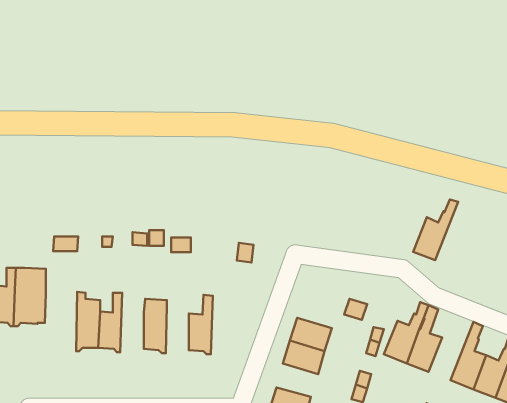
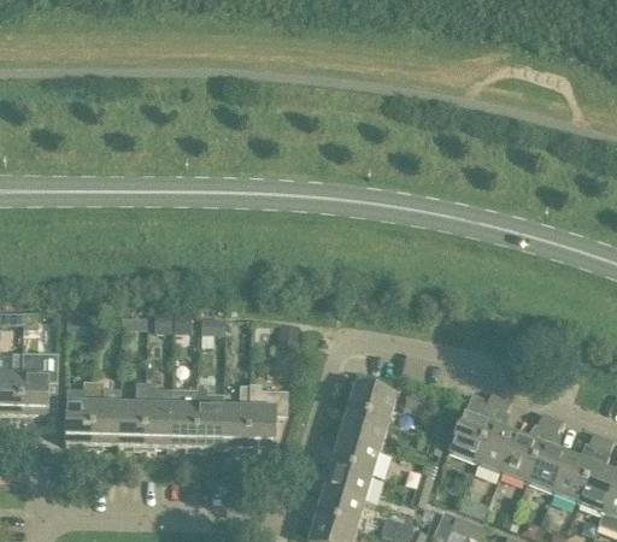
building: [413,200,458,260] -> [499,412,551,482]
building: none -> [64,379,93,448]
building: none -> [142,381,171,449]
building: none -> [195,383,223,450]
building: none -> [347,383,394,422]
building: none -> [247,384,286,452]
building: none -> [323,463,371,501]

